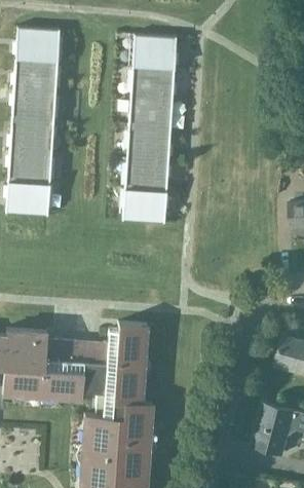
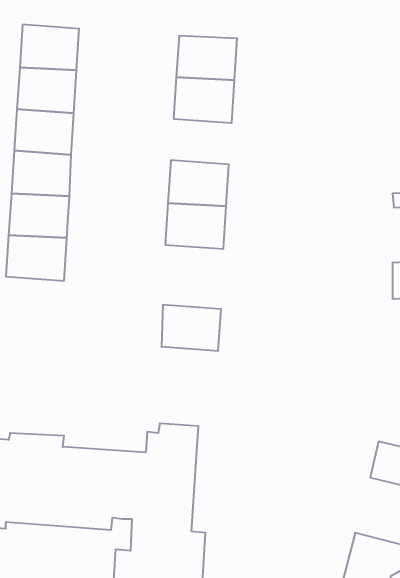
building: [127,97,173,130] -> none
building: [122,190,166,224] -> [161,305,221,351]

